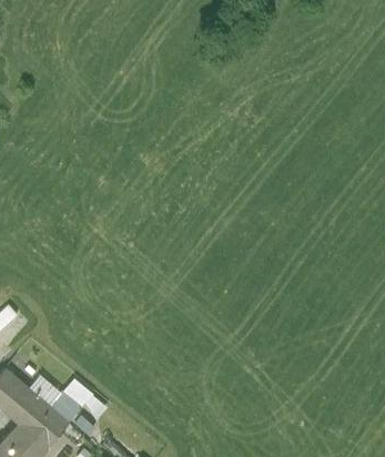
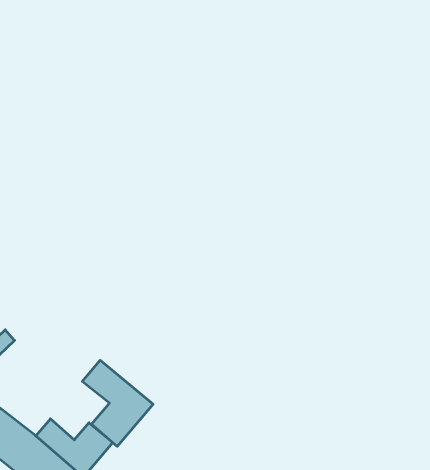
building: none -> [82,360,153,446]

